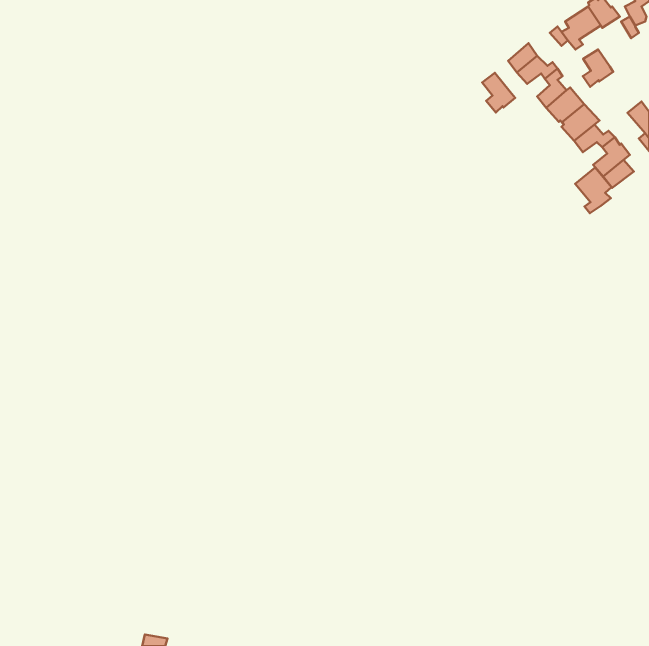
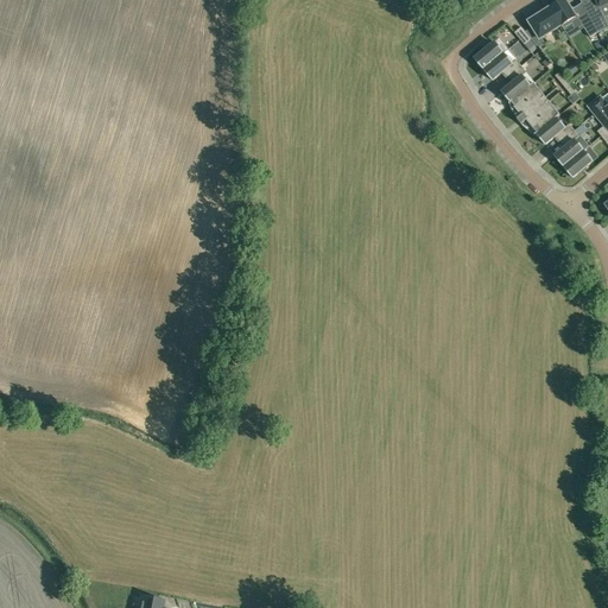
building: [583,49,613,87] -> none
building: [482,73,515,113] -> none
building: [575,167,611,213] -> none

